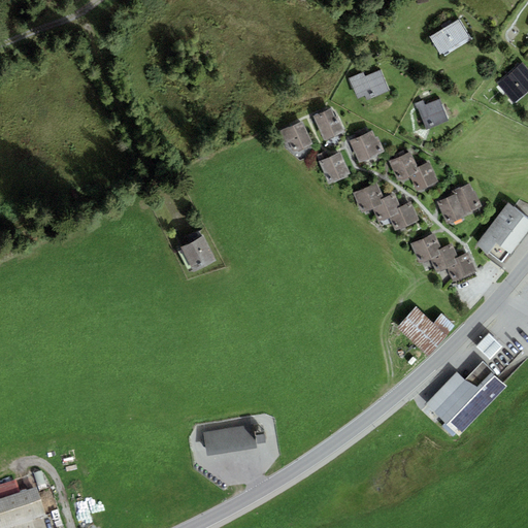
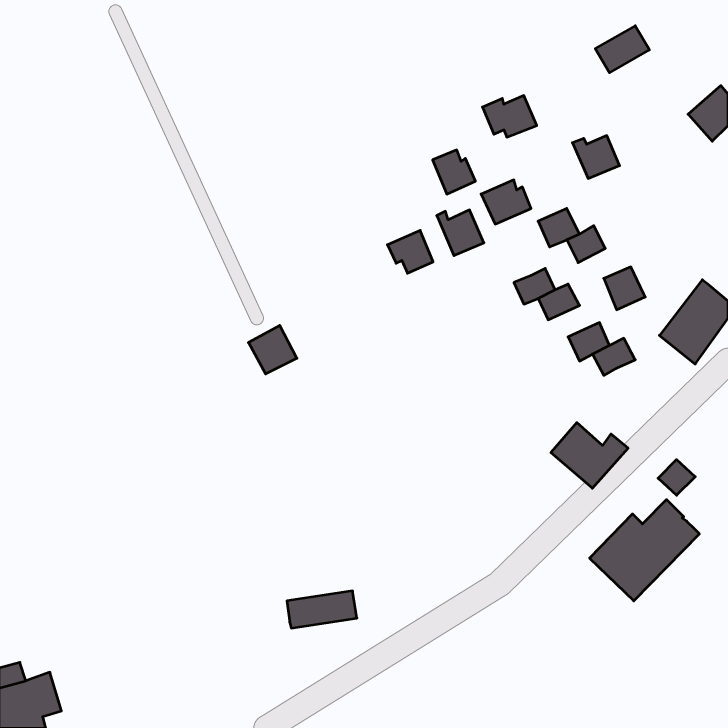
building: [278,120,311,151] -> [387,230,433,273]
building: [354,182,384,209] -> none
building: [455,182,482,212] -> none
building: [446,256,475,282] -> none

